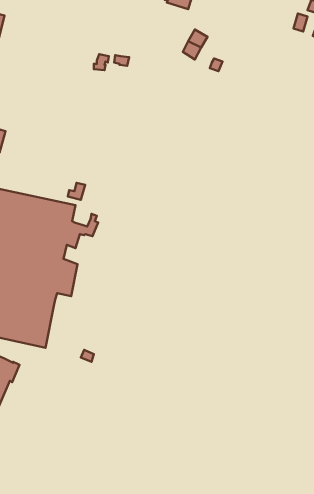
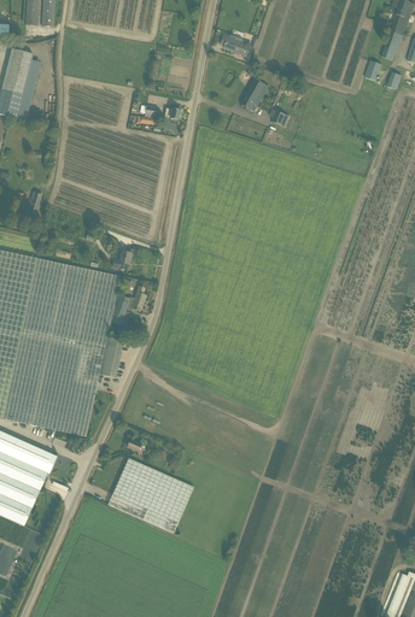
building: none -> [107,457,193,531]

